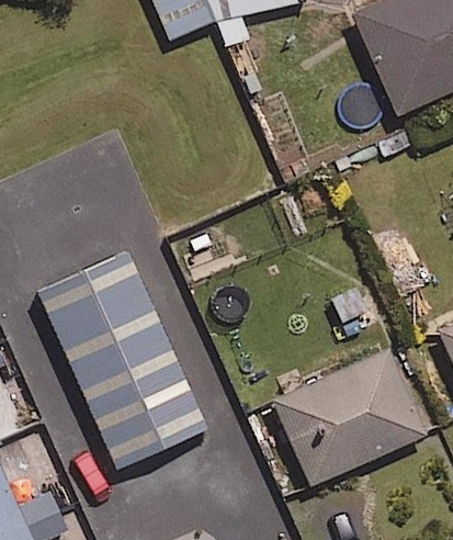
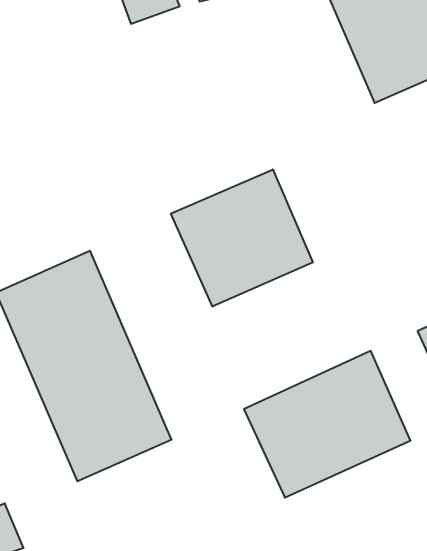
building: none -> [171,169,313,307]

